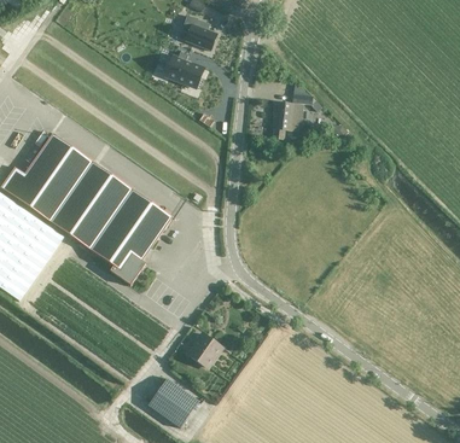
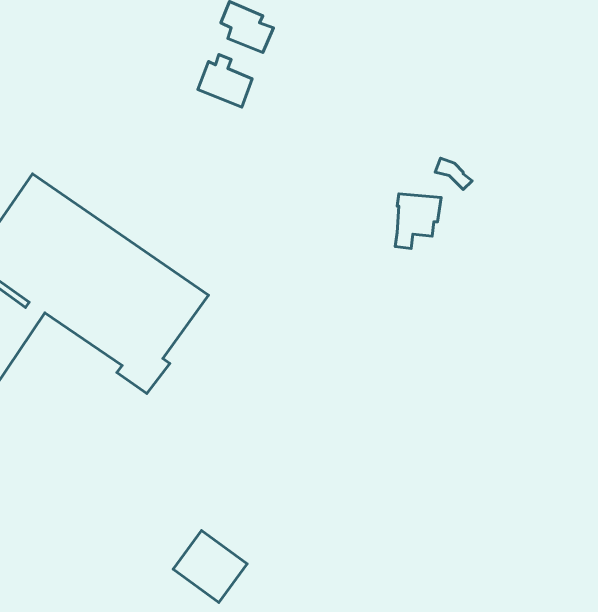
building: [270,101,302,139] -> [395,194,441,248]
building: [191,332,221,368] -> none

